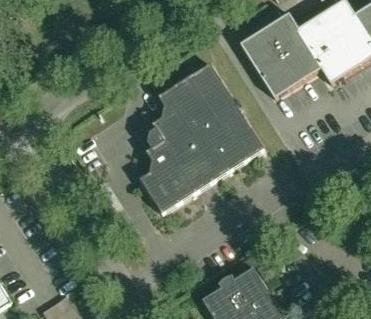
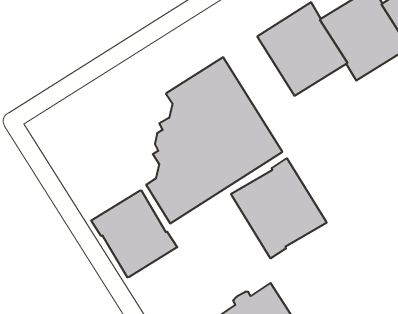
building: none -> [231,158,327,258]
building: none -> [91,190,177,277]

